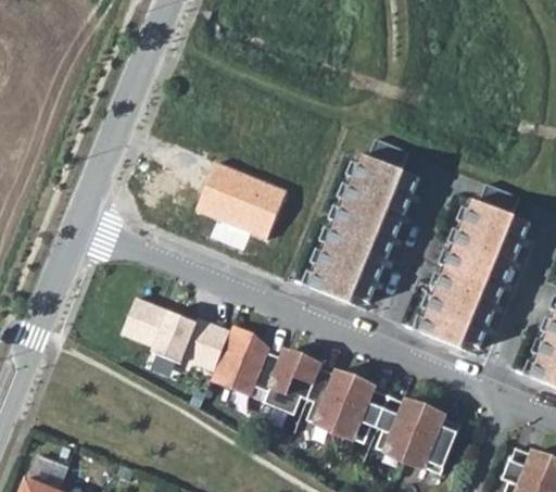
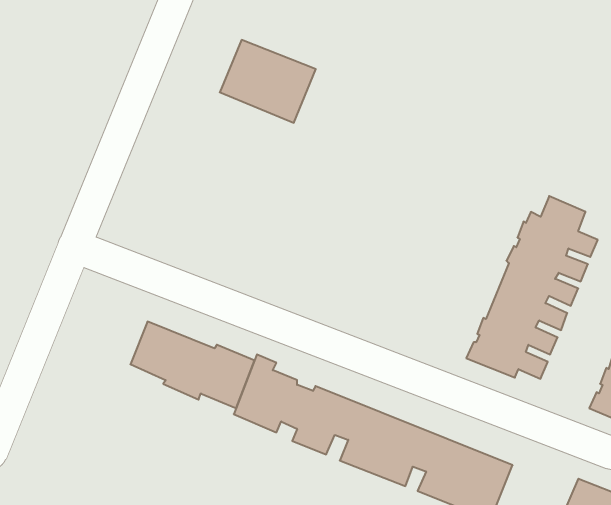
building: [308,138,425,300] -> none
building: [193,163,279,237] -> [220,40,316,123]

